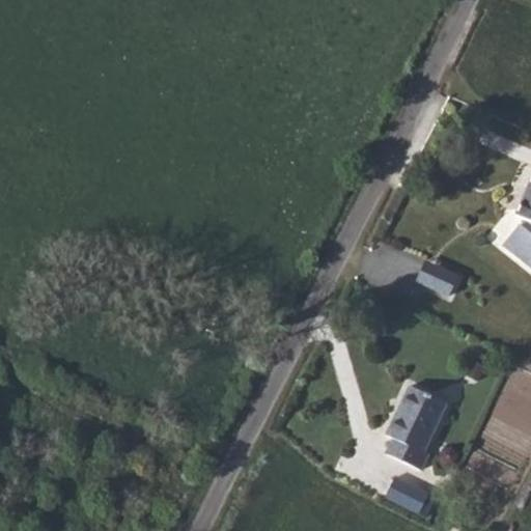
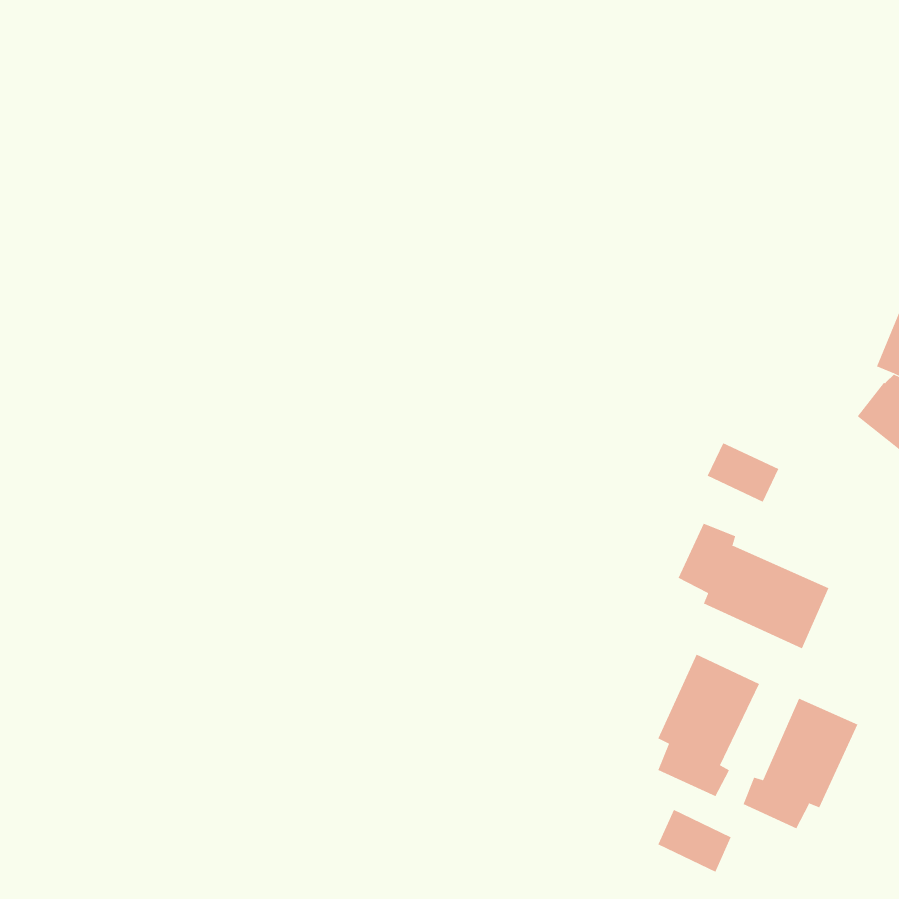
building: none -> [678,523,829,649]
building: none -> [743,698,858,829]

